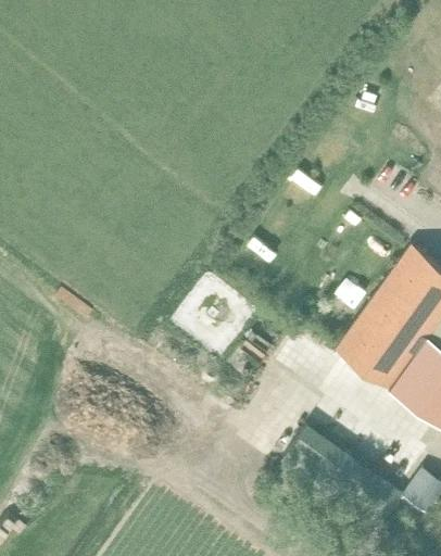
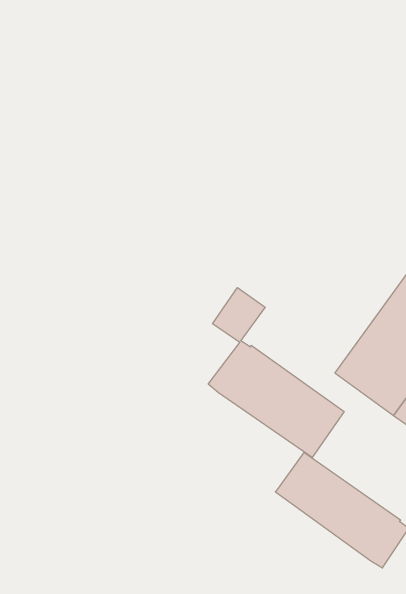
building: none -> [208,288,344,457]

